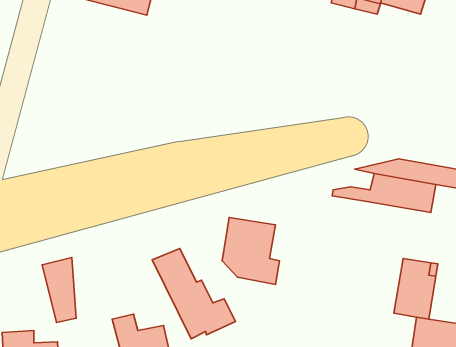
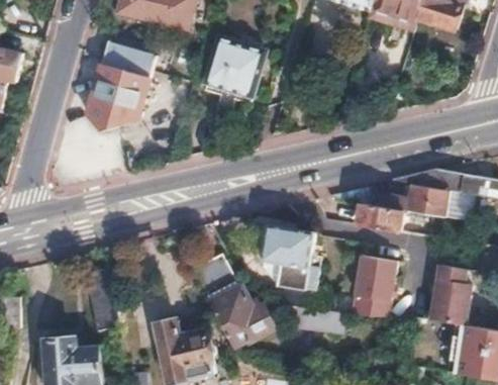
building: none -> [205,36,265,95]
building: none -> [88,41,156,130]
building: none -> [356,203,402,230]
building: none -> [351,259,394,319]

